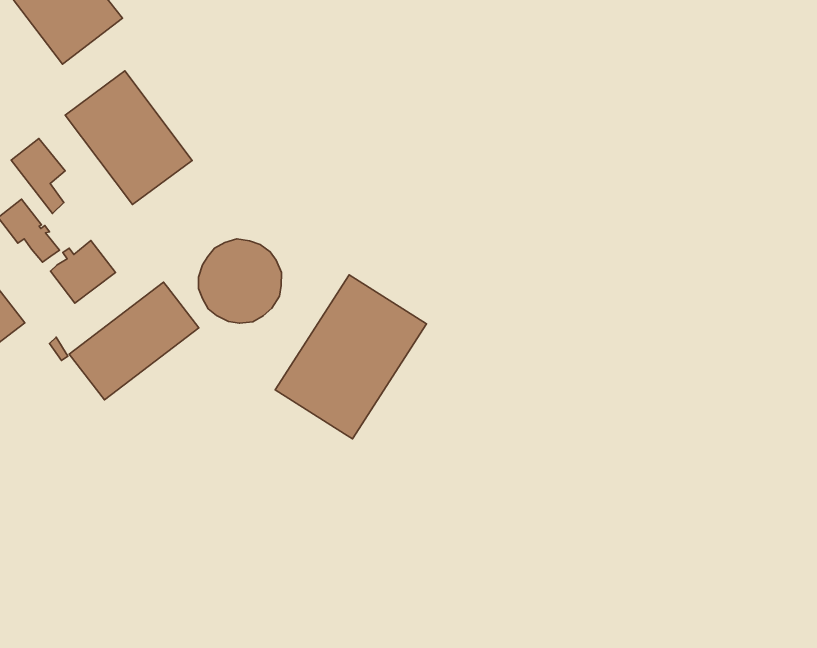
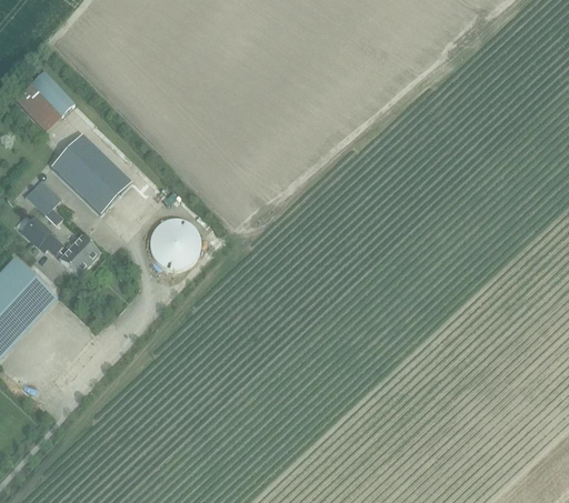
building: [275,275,426,439] -> none
building: [69,282,199,400] -> none

